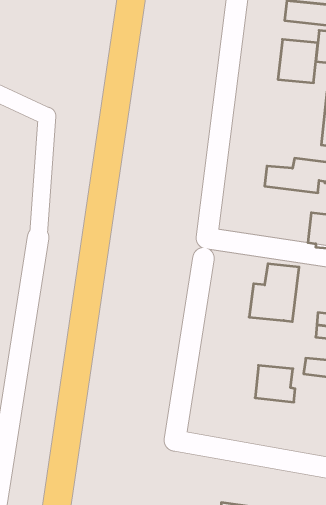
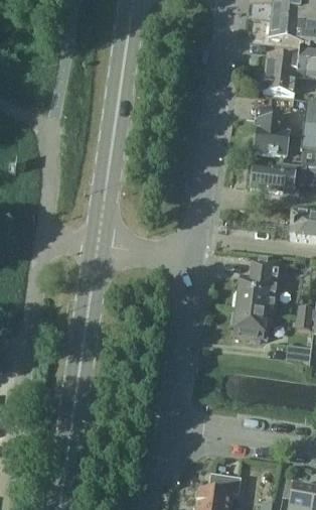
building: none -> [254,117,289,155]
building: [255,365,295,402] -> [232,305,269,339]

